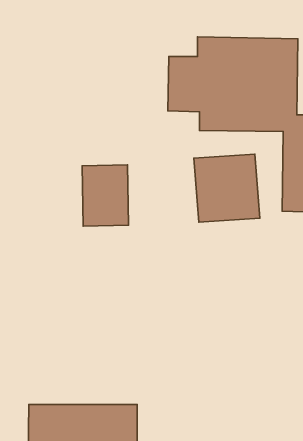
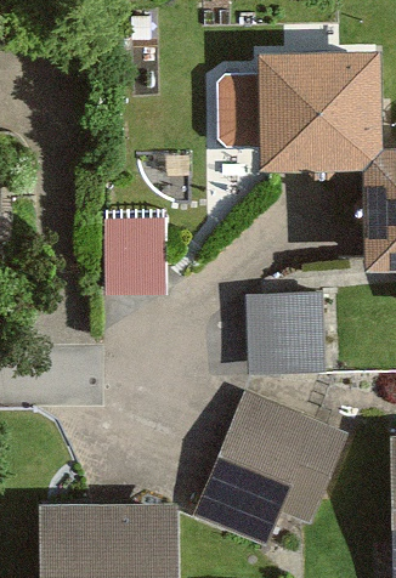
building: [194,154,260,222] -> [248,290,329,374]
building: none -> [194,395,343,543]

